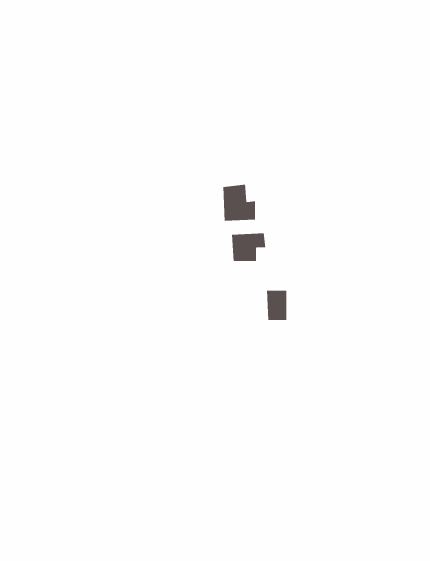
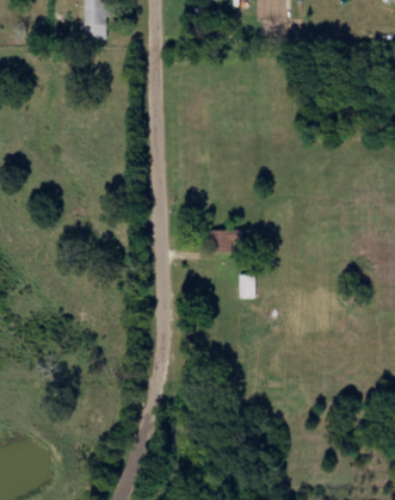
building: [223,184,256,221] -> none

